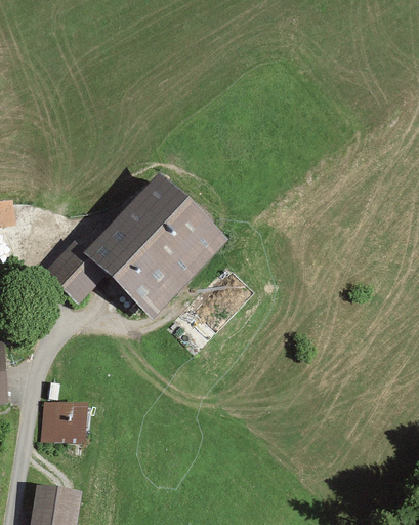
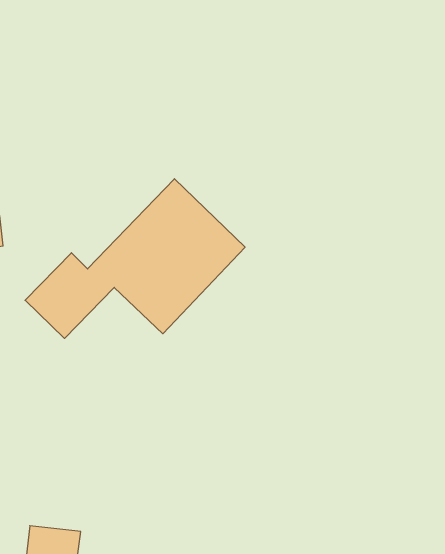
building: [30,393,85,442] -> none

